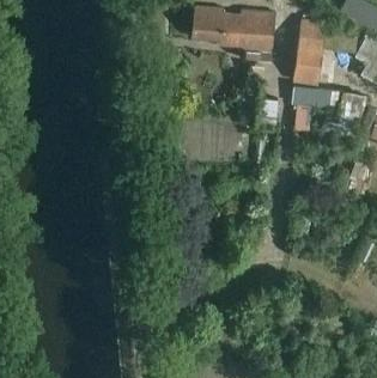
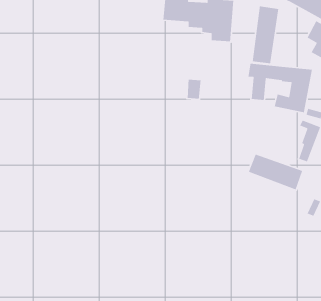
building: none -> [248,154,303,190]

